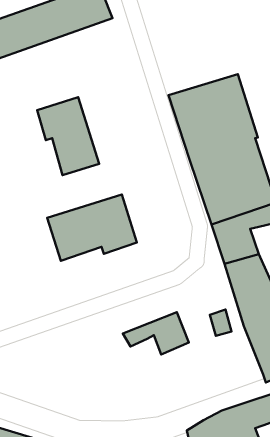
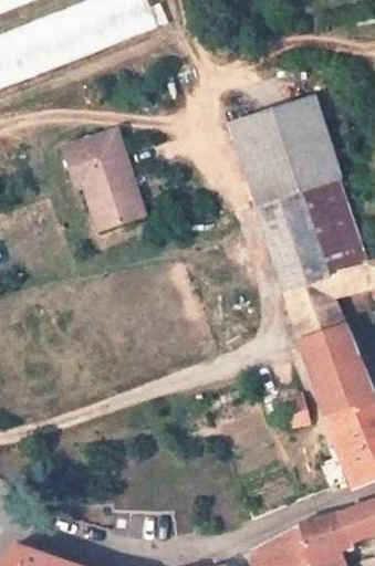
building: [47,194,137,261] -> none
building: [123,312,189,355] -> none

